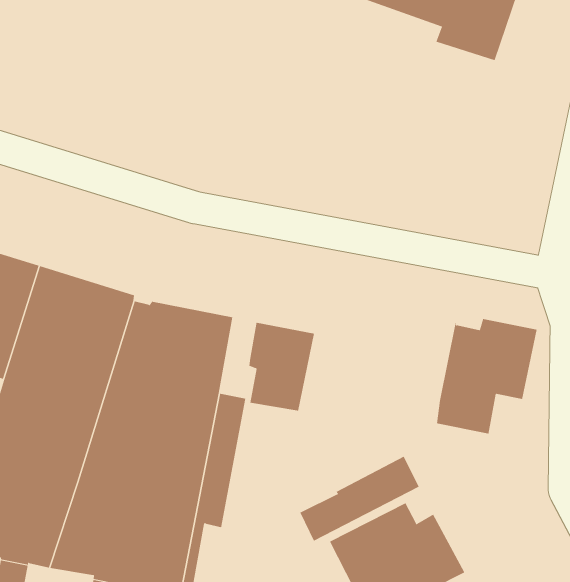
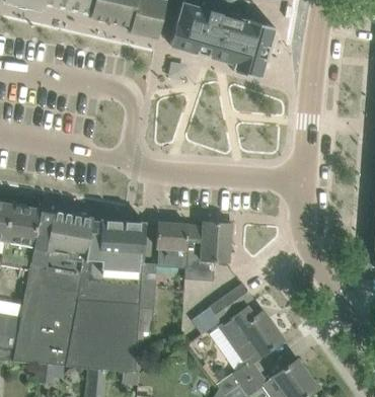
building: [436,319,538,434] -> [185,222,232,282]

